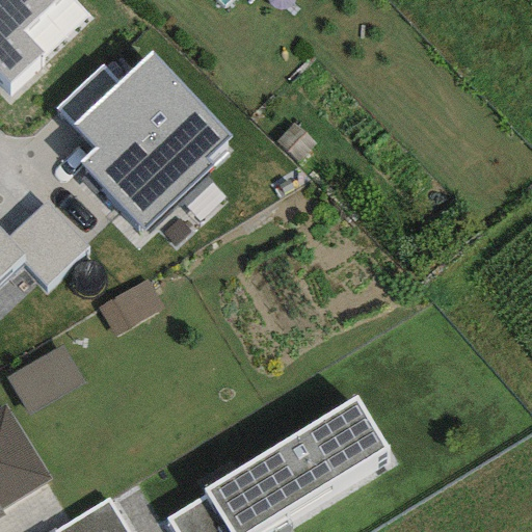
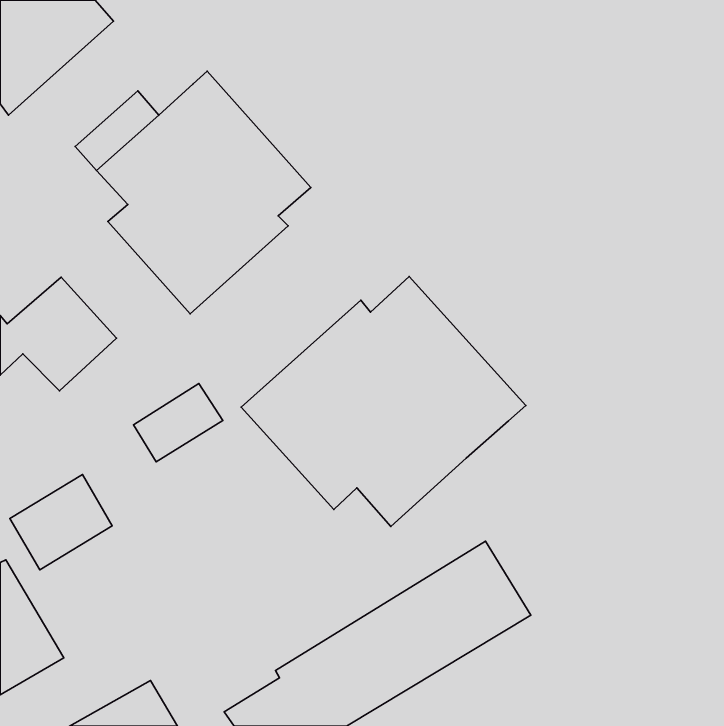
building: none -> [241,277,526,527]

